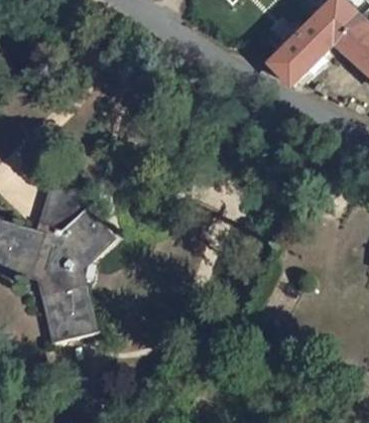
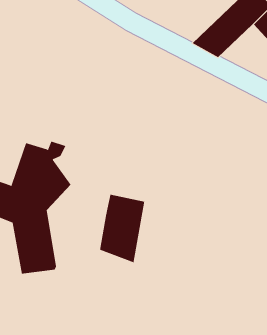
building: none -> [100,194,145,263]

